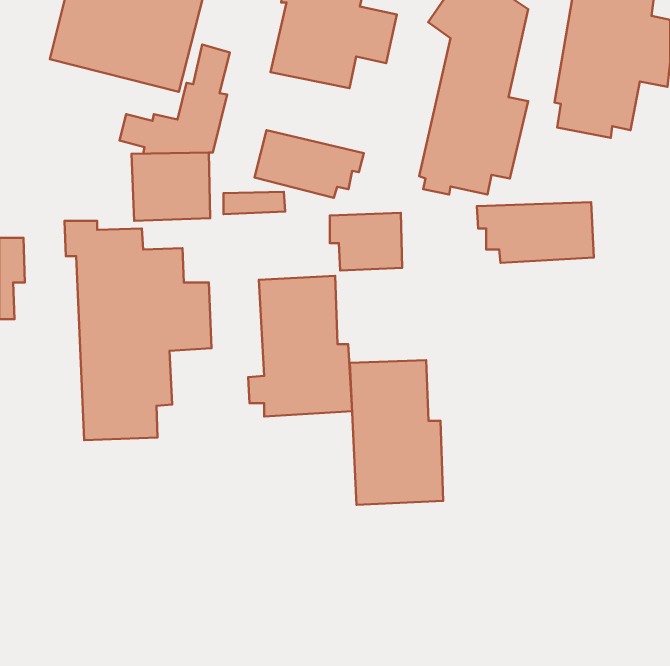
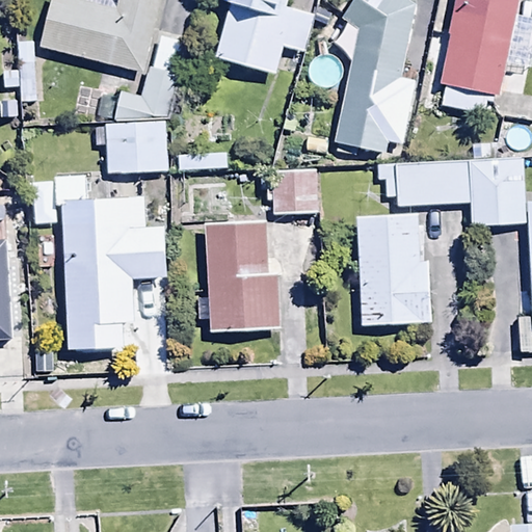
building: [255,130,364,198] -> none
building: none -> [468,157,525,225]
building: [350,360,443,505] -> [356,211,430,325]

